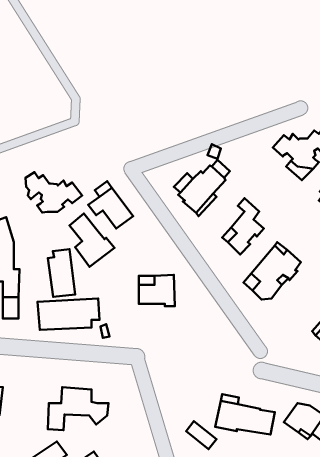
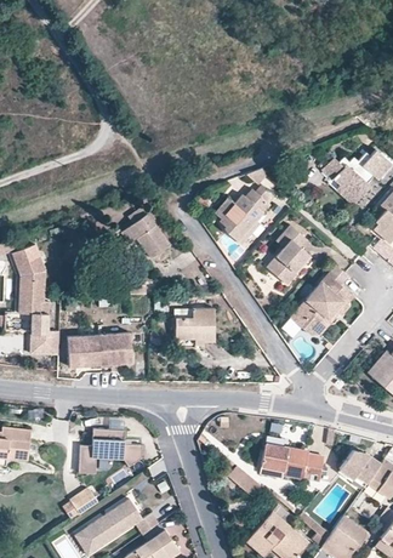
building: [26,172,82,212] -> none
building: [69,214,114,267] -> none
building: [48,249,75,297] -> none

